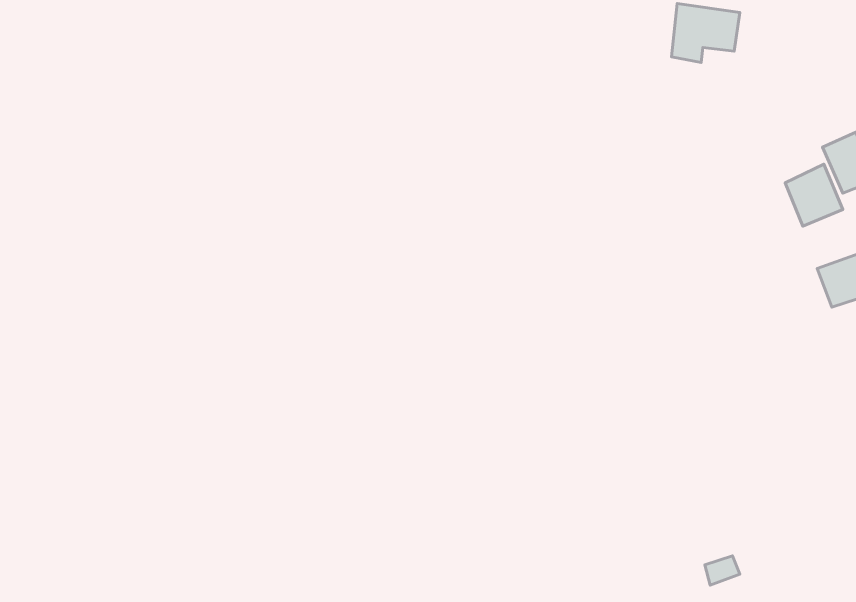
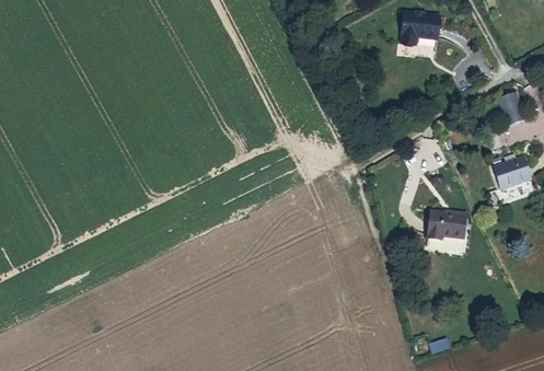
building: [785,164,843,226] -> none
building: none -> [424,212,462,239]

